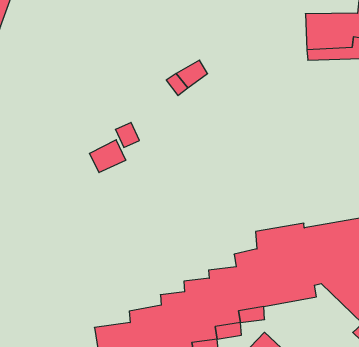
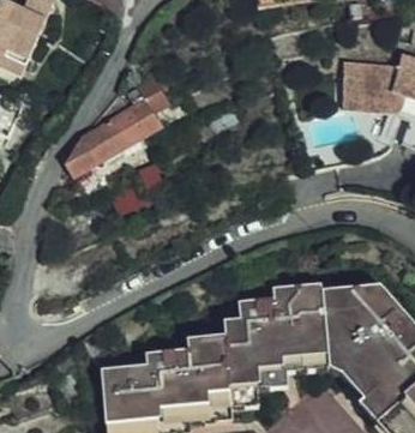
building: none -> [66,78,168,176]

